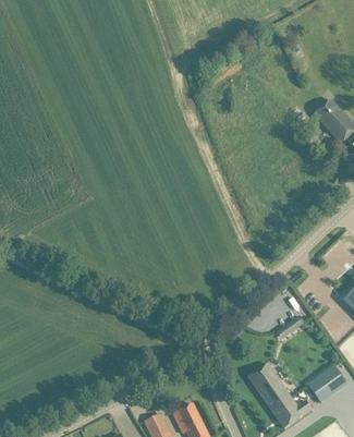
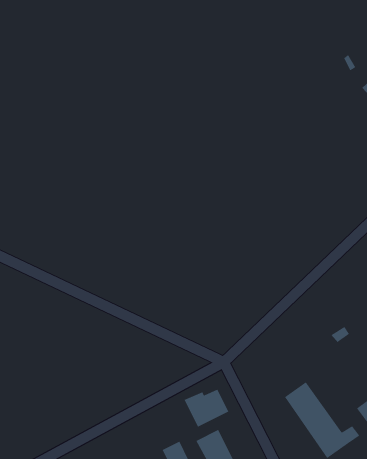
building: none -> [184,389,229,427]

